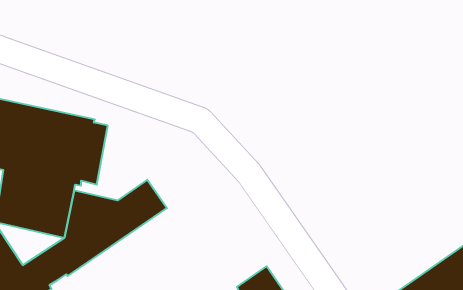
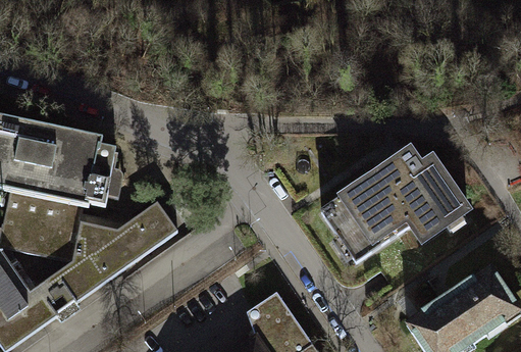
building: none -> [321,151,467,262]

